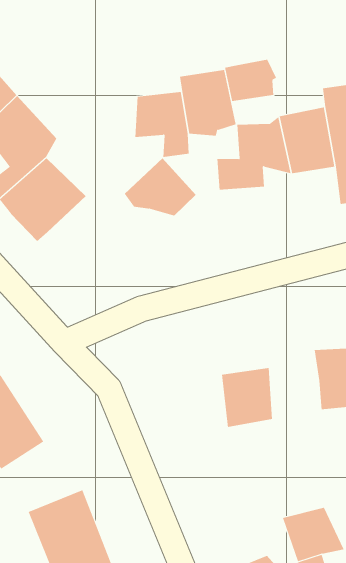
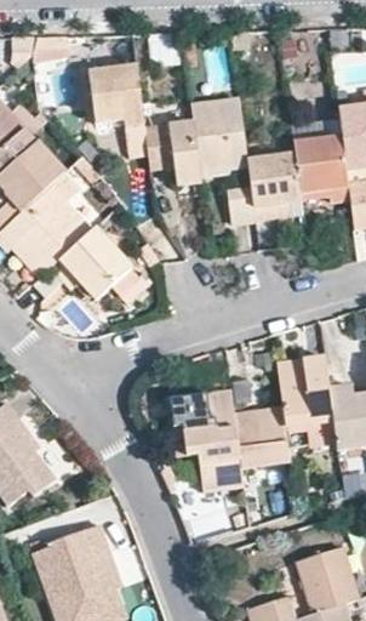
building: none -> [86,64,148,126]
building: [225,59,277,102] -> none
building: [124,157,197,216] -> [56,229,131,290]
building: none -> [280,355,336,423]
building: none -> [175,391,244,488]

